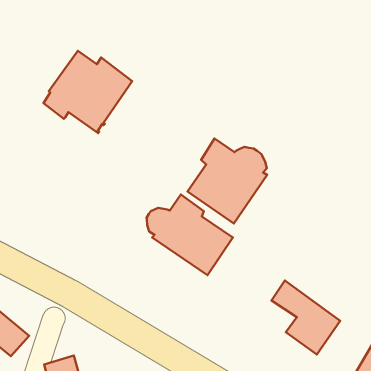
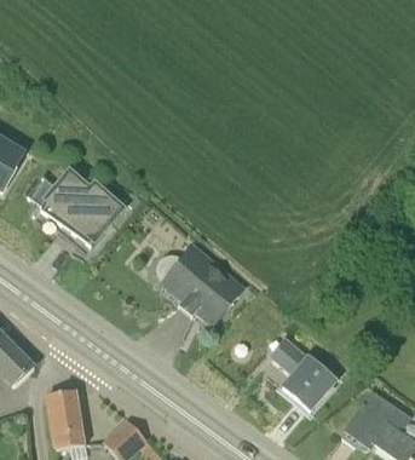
building: [44,51,132,133] -> [34,171,121,252]
building: [187,138,267,223] -> none

